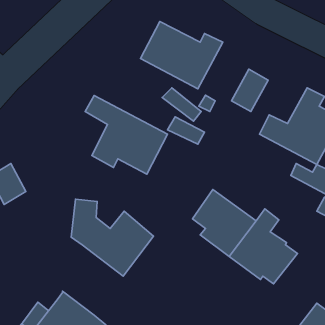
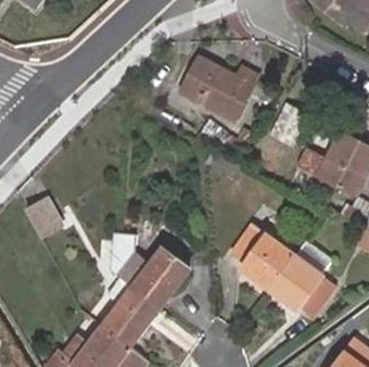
building: [85,95,167,174] -> none
building: none -> [100,278,161,349]

